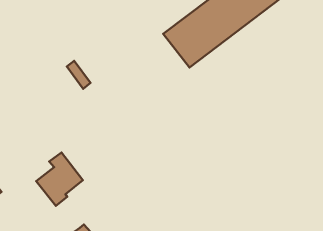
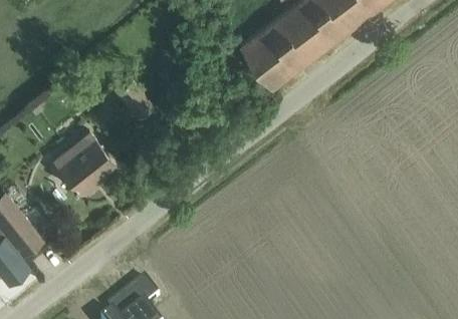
building: [36,153,83,206] -> [58,128,116,194]

